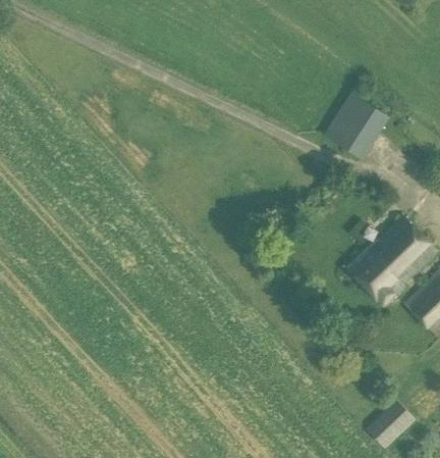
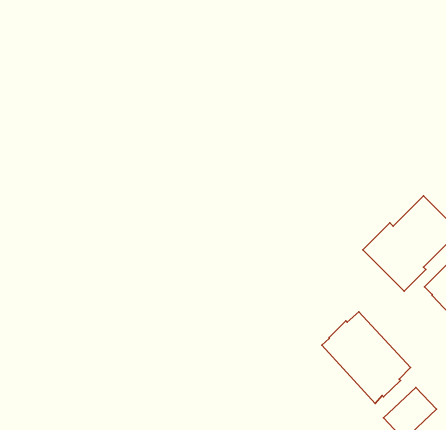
building: [324,93,388,158] -> none
building: none -> [322,312,411,403]

